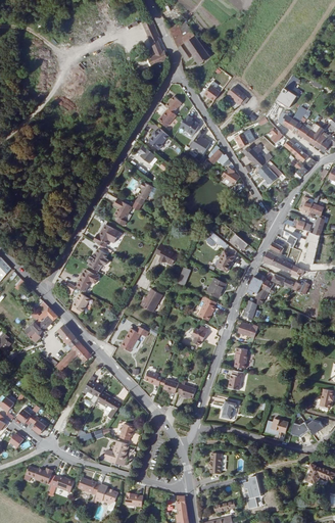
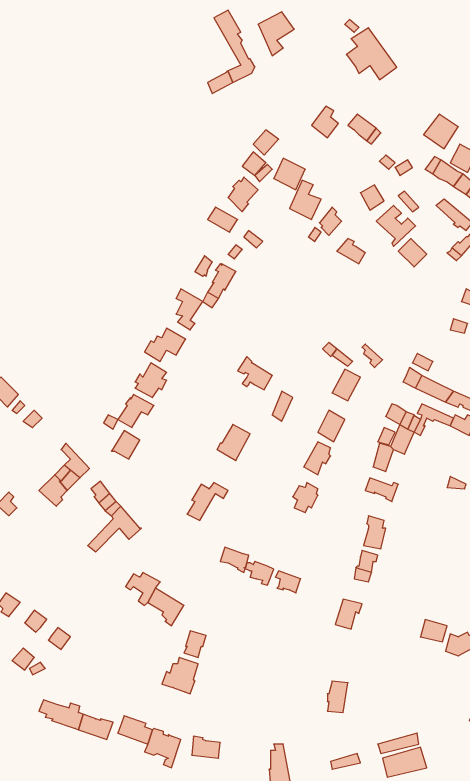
building: [178,31,210,64] -> [346,28,397,80]

